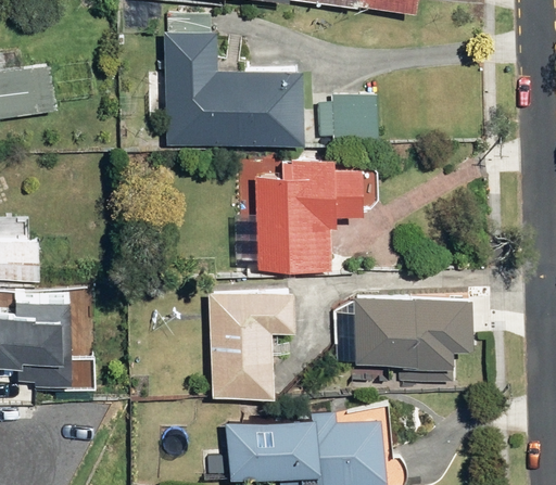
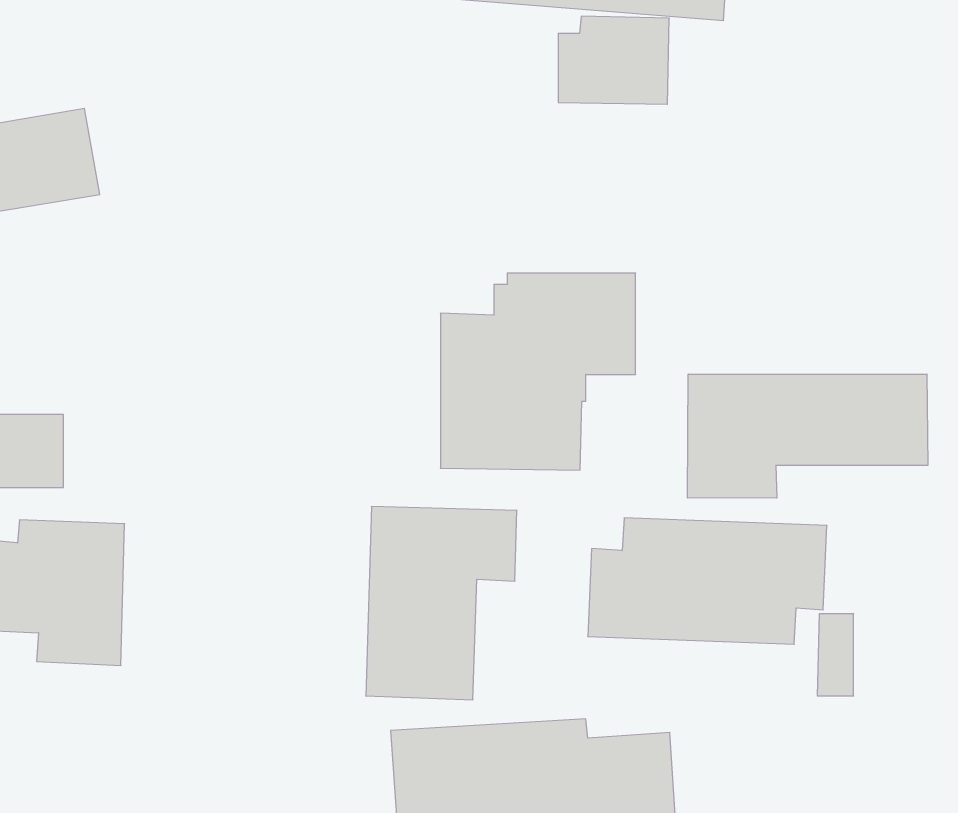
building: [165,13,307,150] -> none
building: [316,94,379,144] -> [558,16,669,104]
building: none -> [688,374,928,498]

